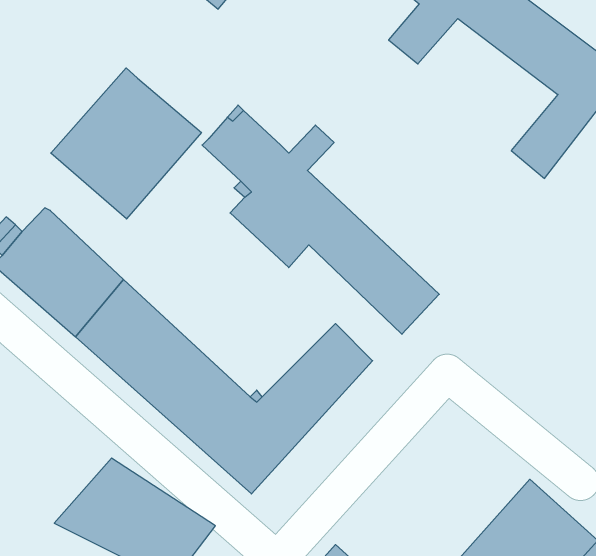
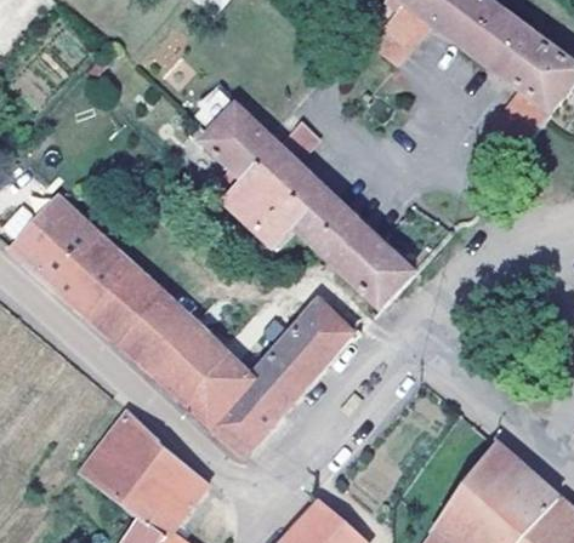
building: [51,68,201,219] -> none

